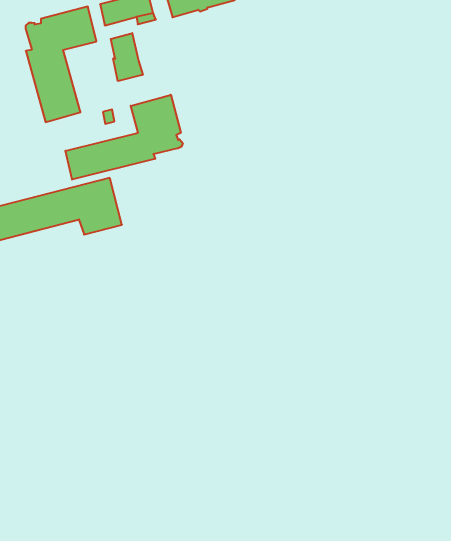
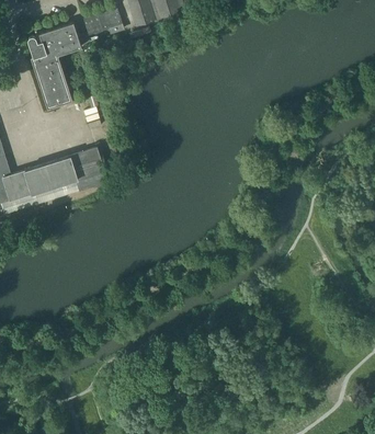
building: [111,33,143,81] -> none
building: [65,95,183,180] -> none

